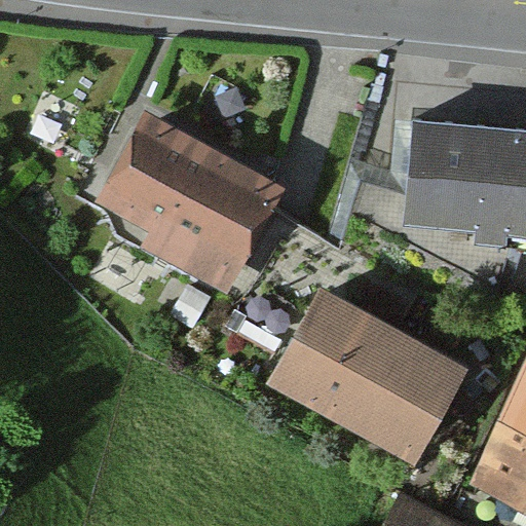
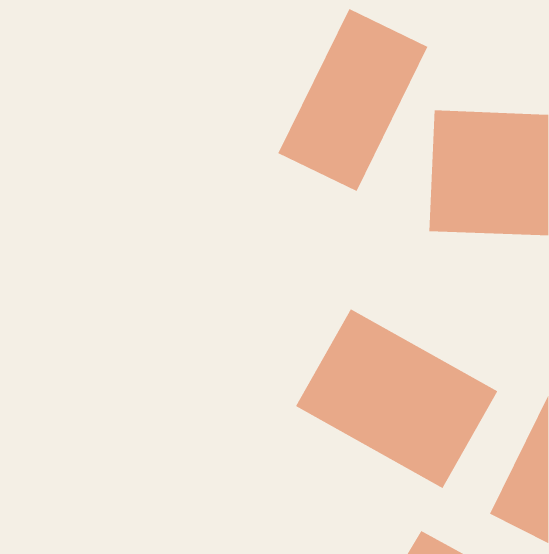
building: none -> [278,8,428,192]
building: [107,122,292,303] -> none

